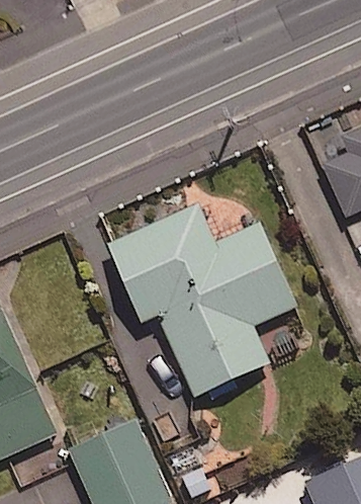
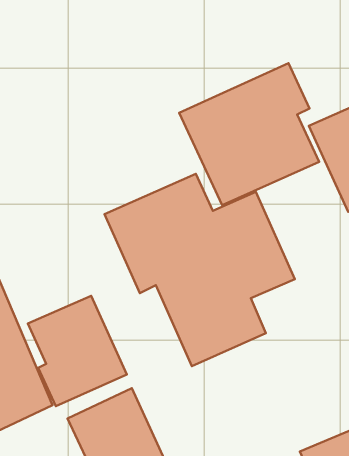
building: none -> [179,63,319,205]
building: none -> [28,296,127,406]

